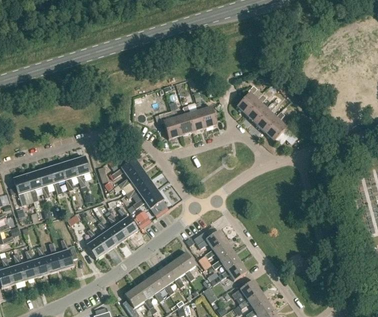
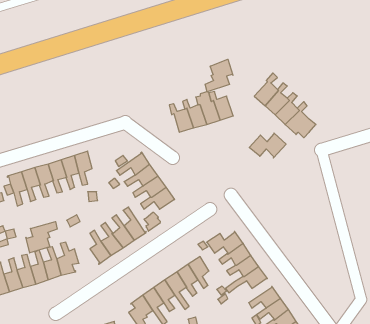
building: none -> [205,59,233,92]
building: none -> [249,133,286,158]
building: none -> [26,222,57,253]

